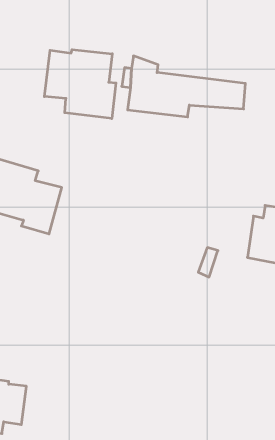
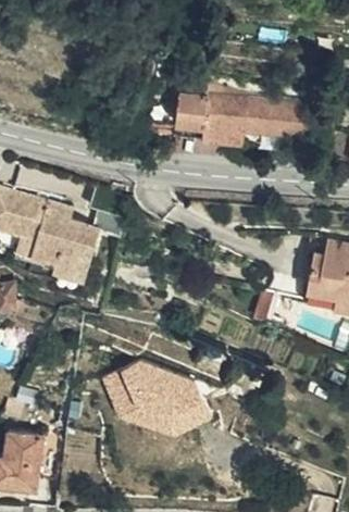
building: [44,50,116,119] -> none
building: none -> [103,359,211,435]

